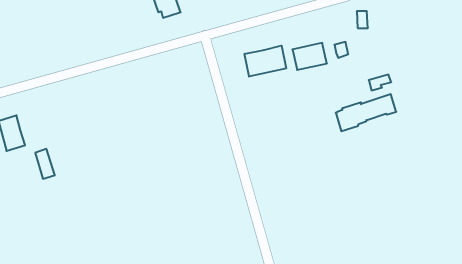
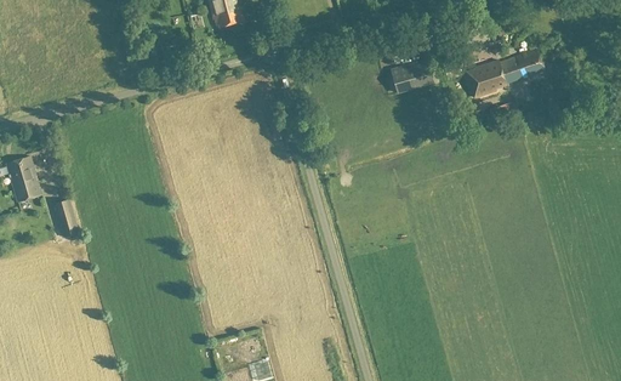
building: [245,46,286,77] -> none
building: [336,94,396,131] -> [466,49,545,97]

